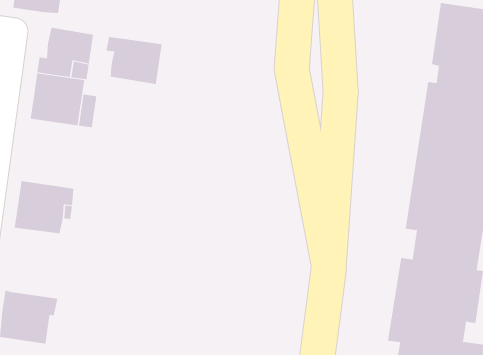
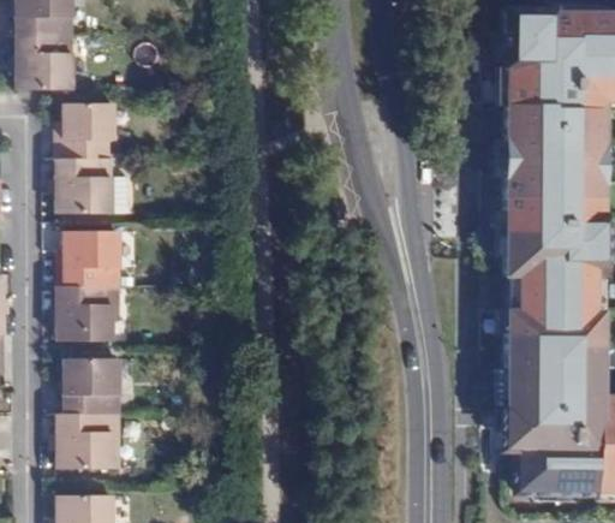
building: [106,36,162,85] -> none
building: none -> [64,237,120,285]
building: none -> [65,358,119,414]

